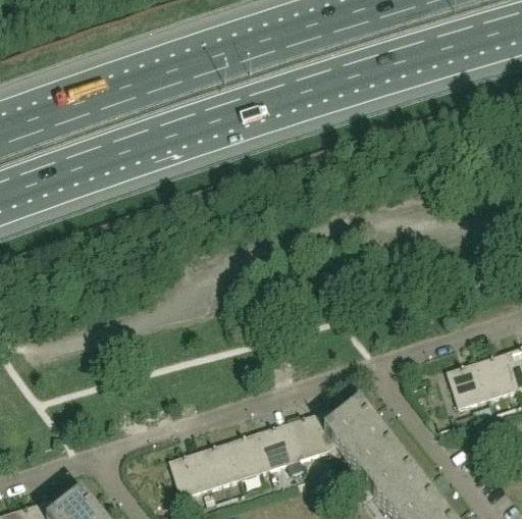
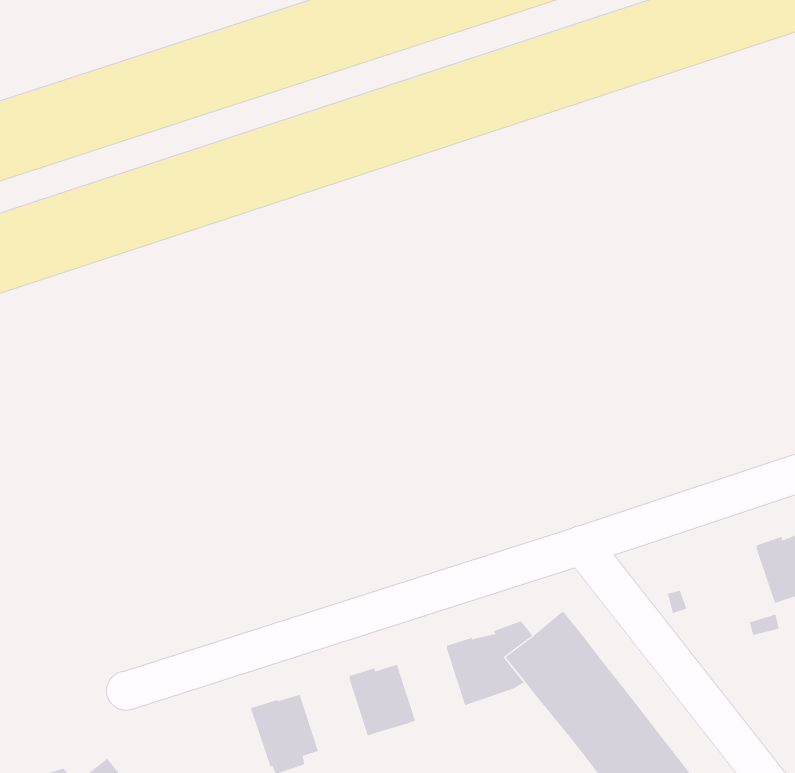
building: [449,364,490,408] -> none
building: [261,425,302,469] -> none
building: [201,444,243,487] -> none

